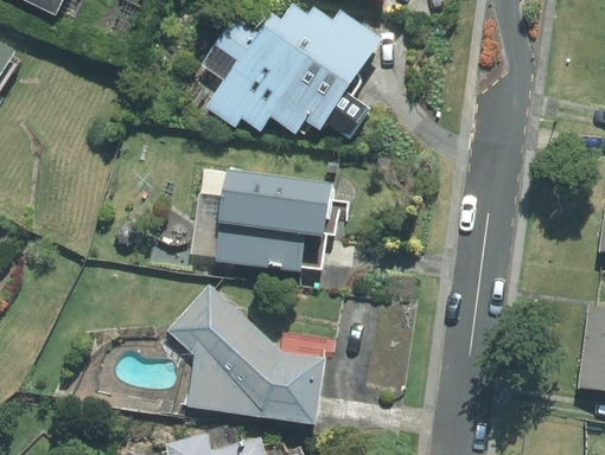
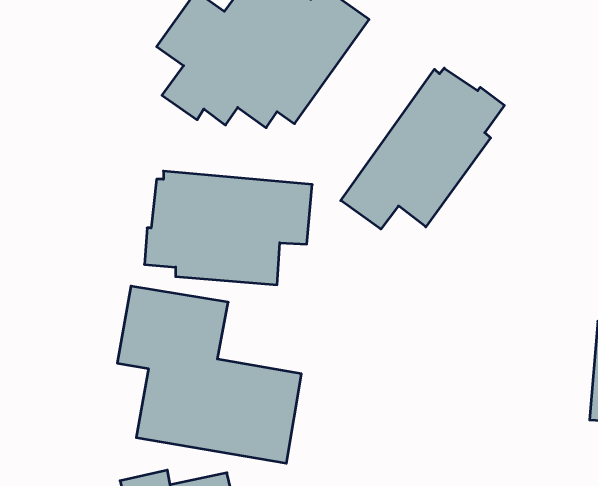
building: none -> [341,68,504,229]

